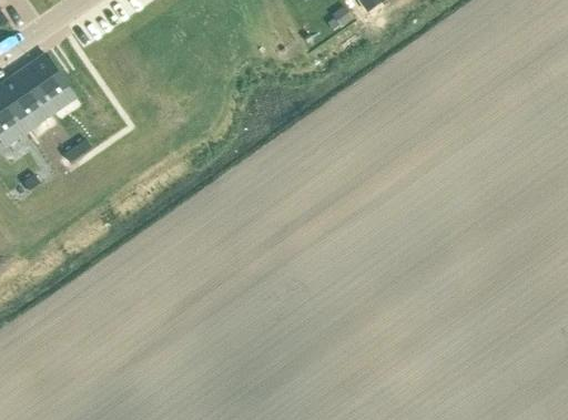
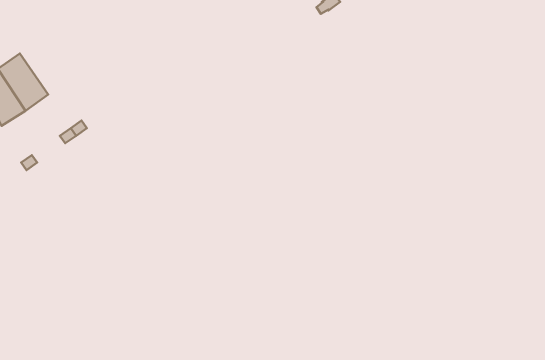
building: [23,53,75,111] -> none

